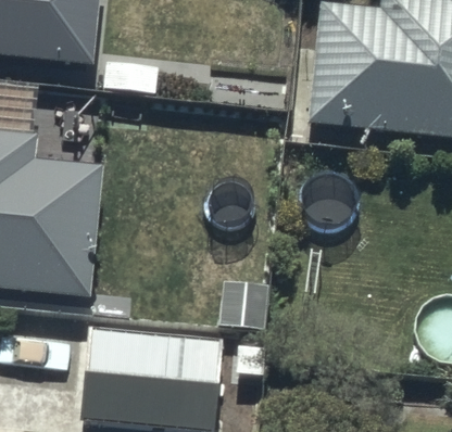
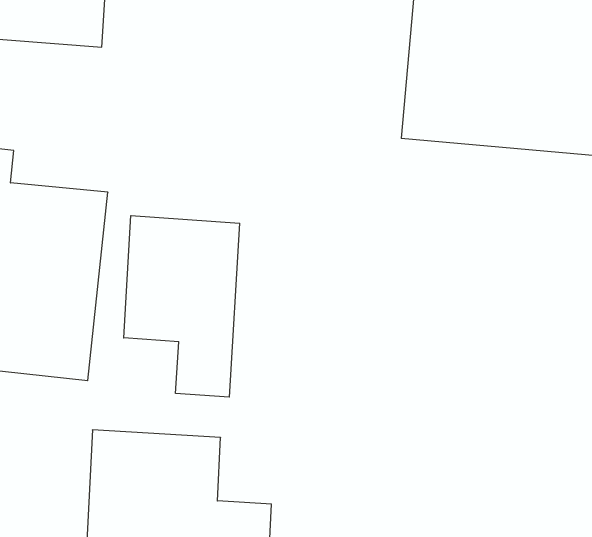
building: none -> [124,216,240,397]

